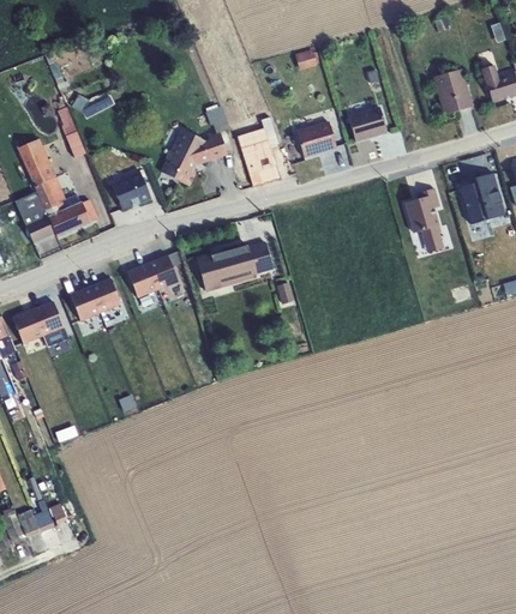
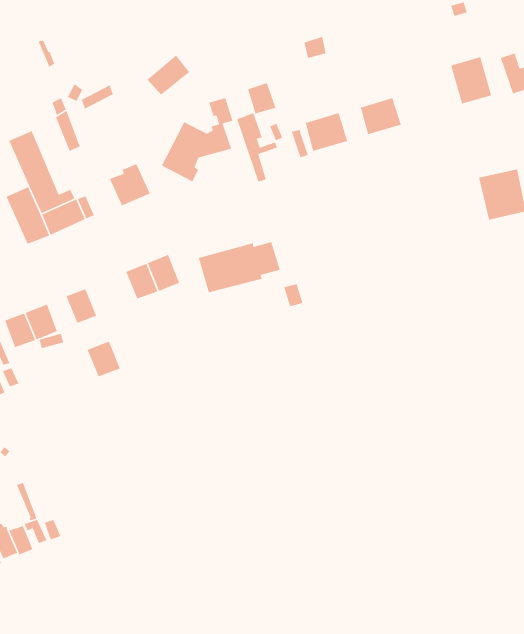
building: none -> [147,55,190,96]
building: [253,155,281,185] -> [247,83,276,114]
building: [404,187,446,252] -> none
building: [90,278,122,313] -> [87,341,121,378]

